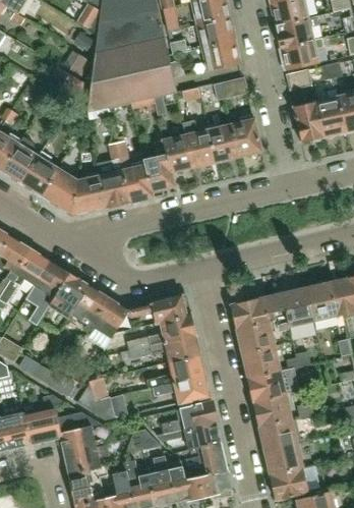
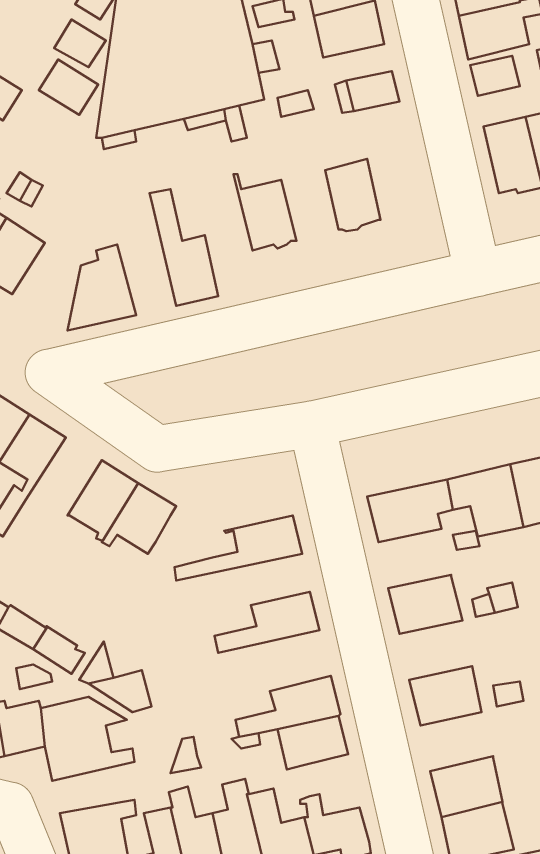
building: [181,119,215,168] -> none
building: [230,119,260,157] -> none
building: [142,132,172,197] -> none
building: [97,147,128,208] -> none
building: [41,169,77,216] -> none
building: [48,273,88,319] -> none
building: [125,294,190,323] -> none
building: [236,322,275,353] -> none
building: [128,335,199,362] -> none
building: [247,371,286,402] -> none
building: [151,376,209,403] -> none
building: [258,419,297,451] -> none
building: [186,442,226,474] -> none
building: [62,446,108,473] -> none

